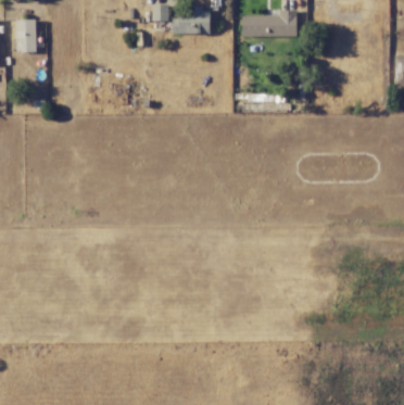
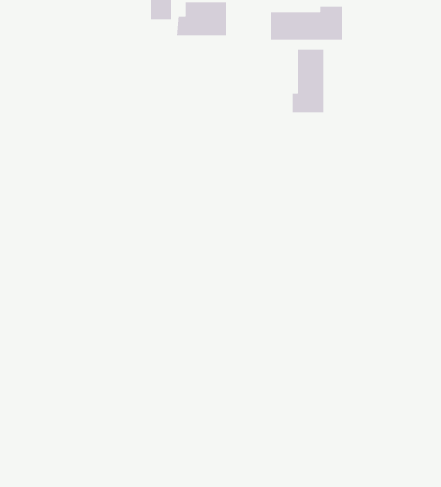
building: none -> [292,49,324,113]

